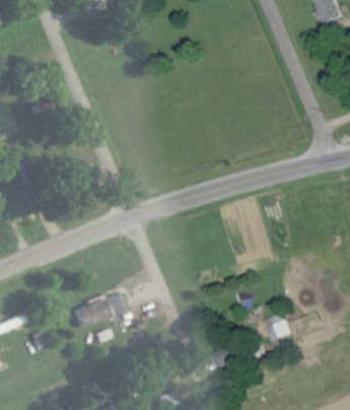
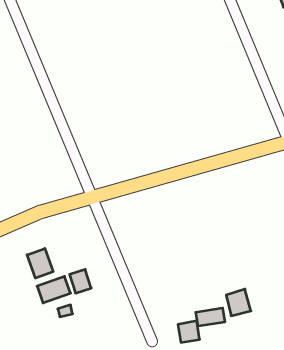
building: none -> [27,248,53,278]
building: none -> [196,308,225,326]

